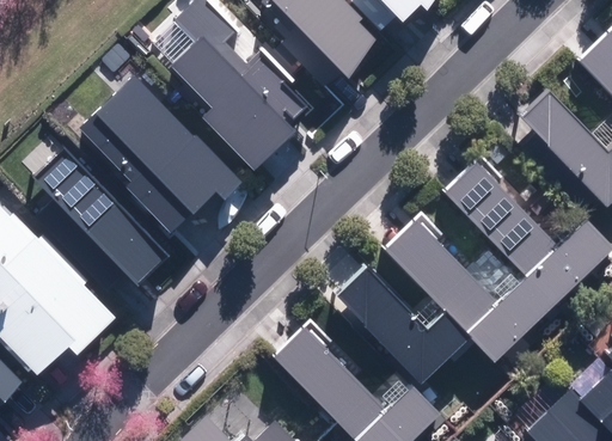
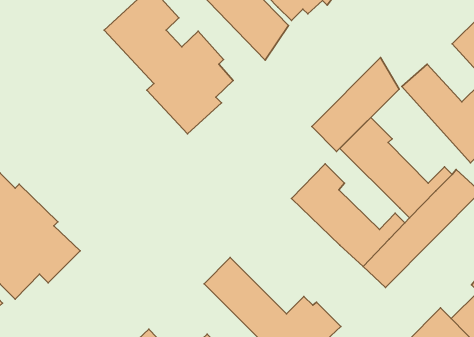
building: [78,75,244,235] -> none
building: none -> [312,57,399,151]
building: [35,147,169,286] -> none
building: [332,267,469,387] -> none

